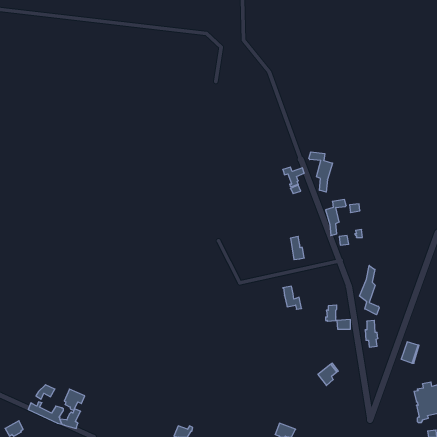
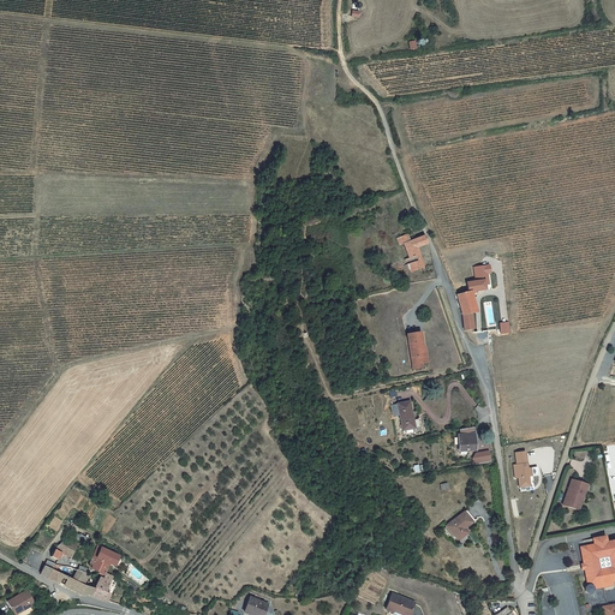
building: [309,152,333,192] -> none
building: [360,265,379,315] -> none

